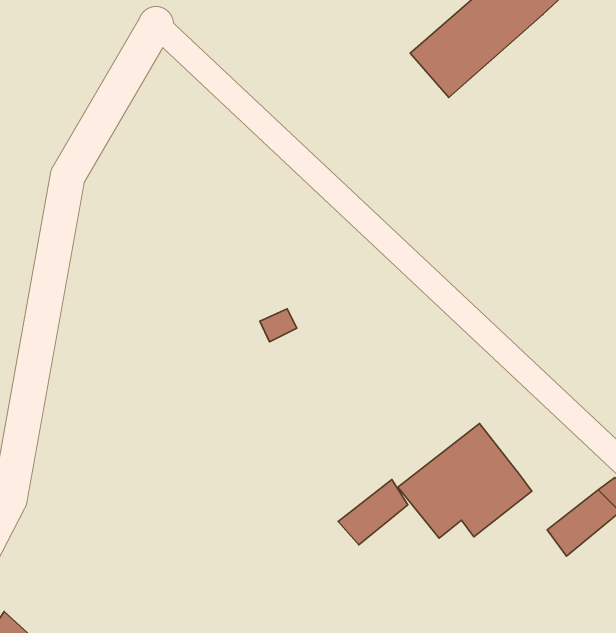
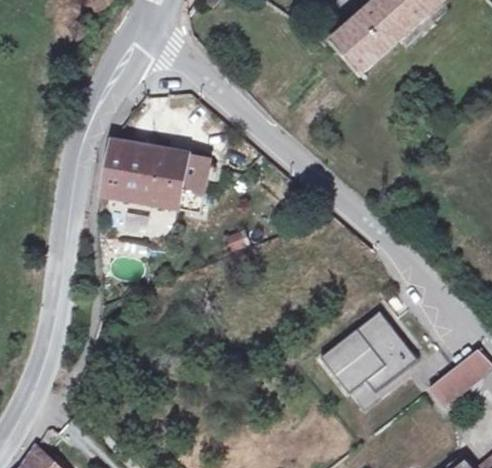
building: none -> [101,141,210,213]
building: [338,479,408,545] -> none

